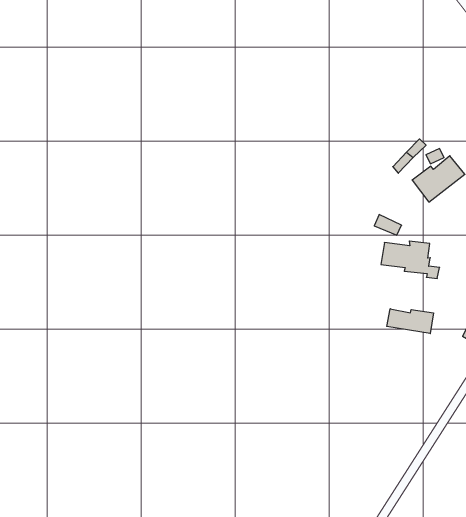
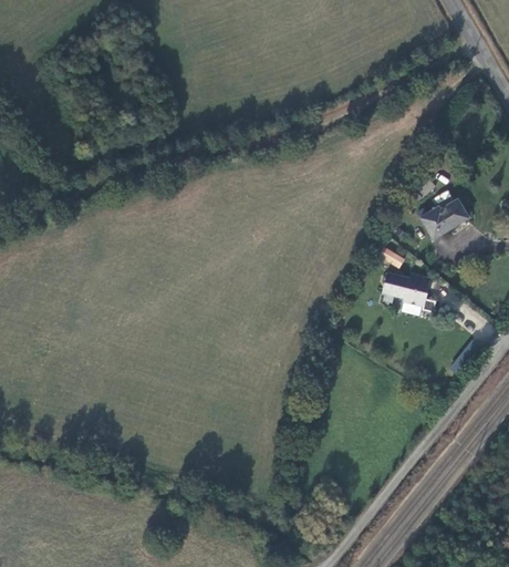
building: [387,309,433,334] -> none

